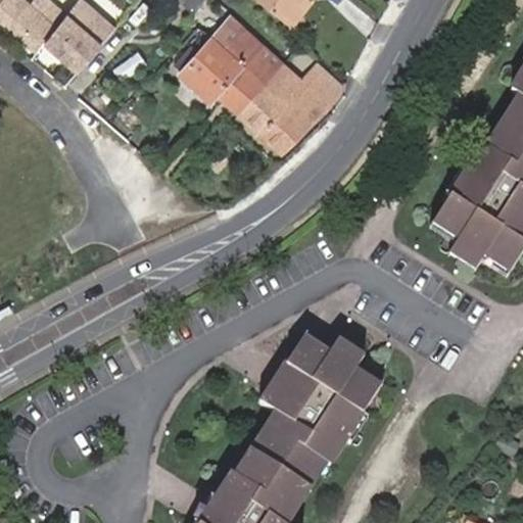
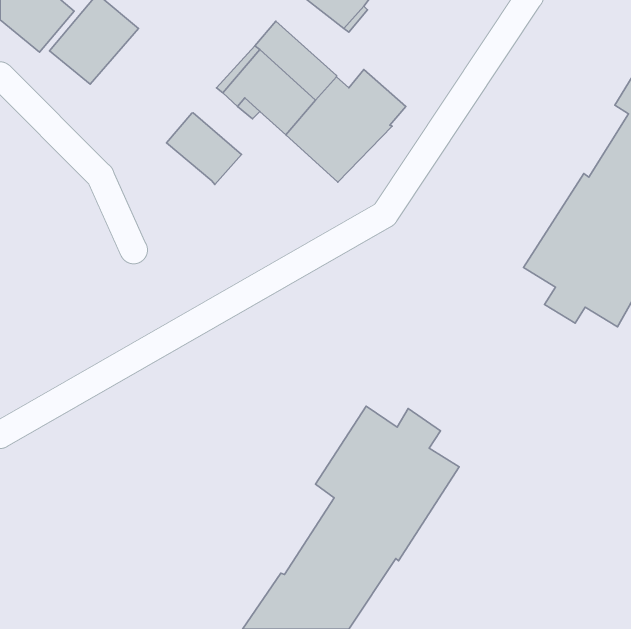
building: none -> [166,113,242,185]

